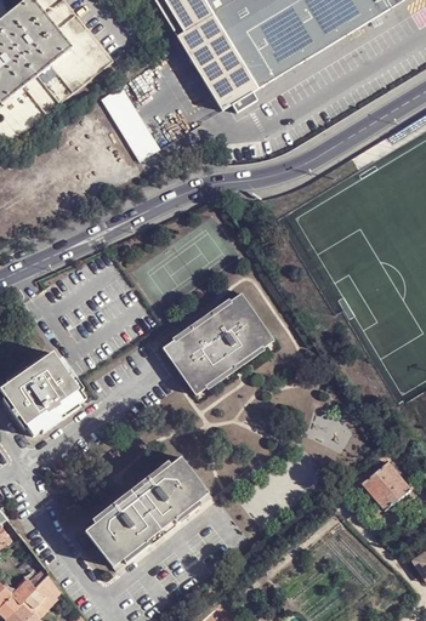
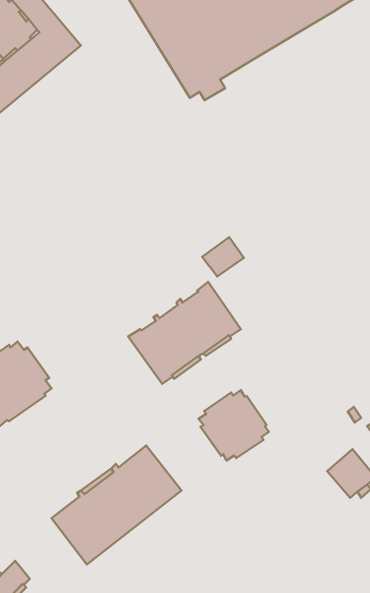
building: [103,85,158,161] -> none
building: none -> [202,237,244,276]
building: none -> [199,390,269,461]

